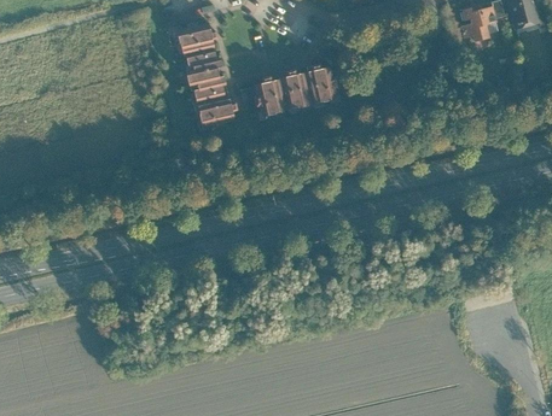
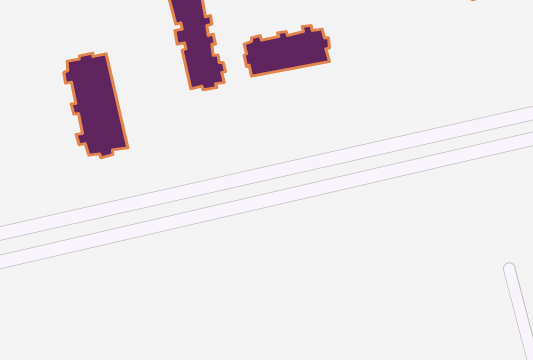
building: none -> [64,53,128,158]

